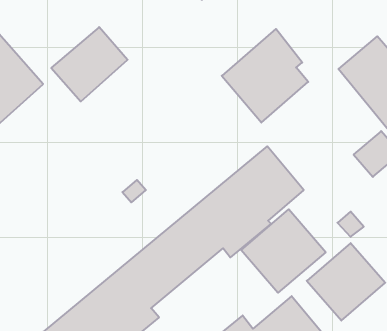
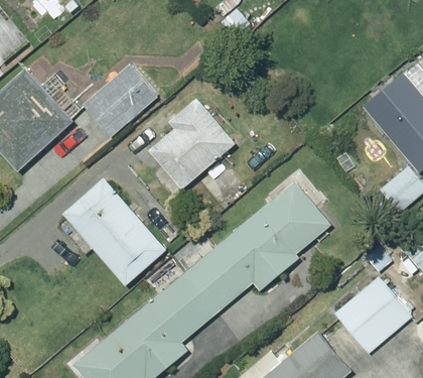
building: [222,29,308,123] -> [138,90,224,182]
building: none -> [61,178,165,286]
building: [241,209,326,293] -> none

